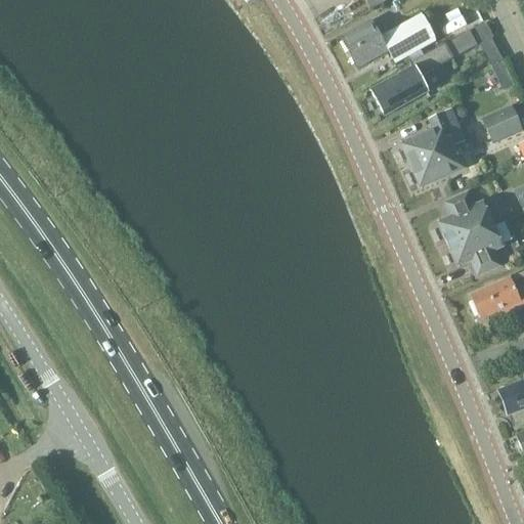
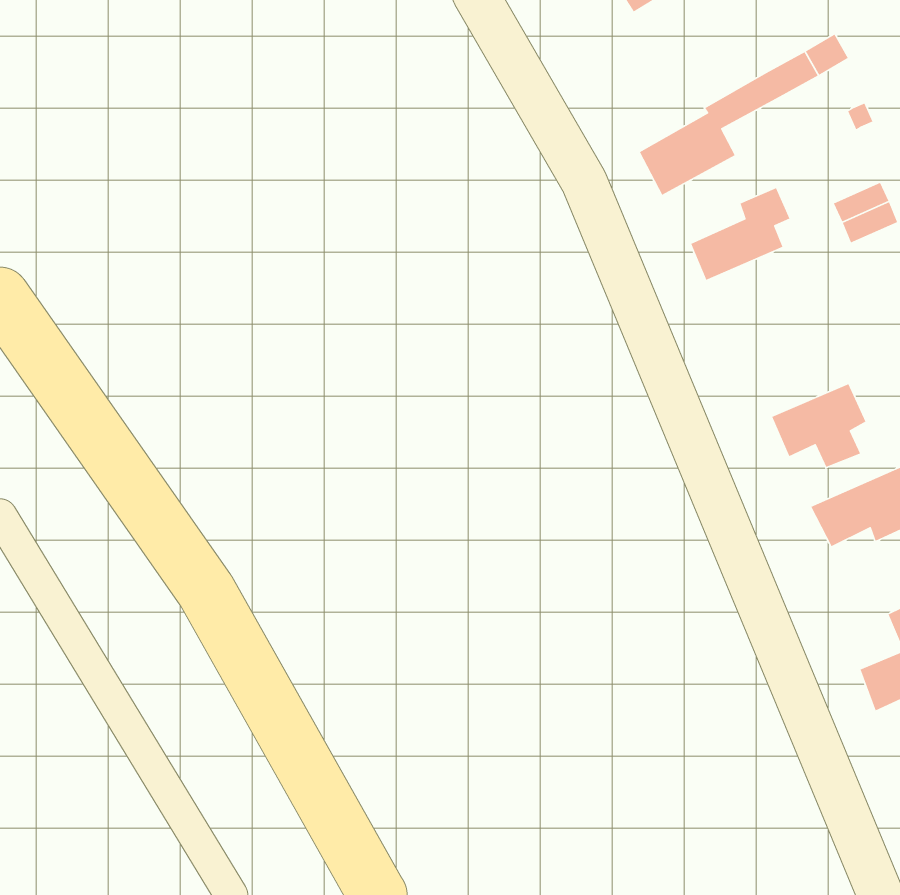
building: [341,10,437,66] -> none
building: [410,143,466,186] -> none
building: [439,192,493,242] -> none

